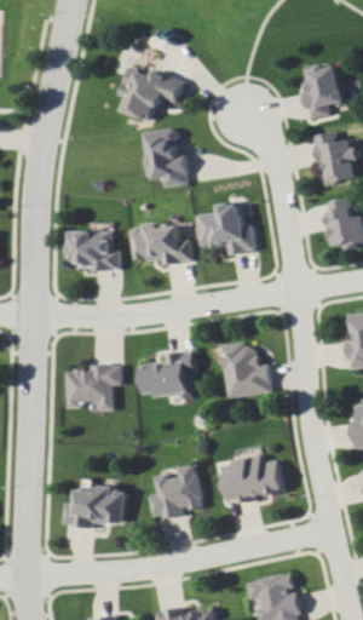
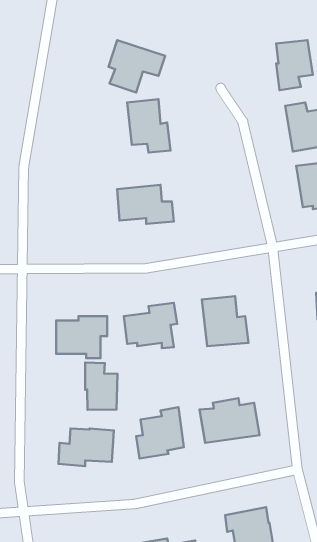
building: [196,202,255,254] -> none
building: [63,230,119,270] -> none
building: none -> [85,363,118,410]

